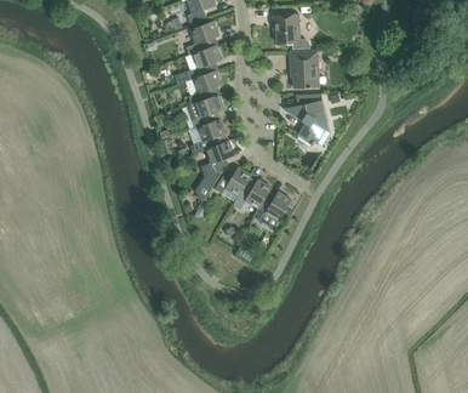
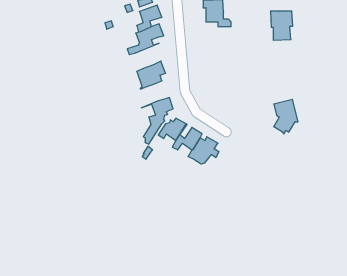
building: [290,51,319,89] -> [270,11,293,40]
building: [186,70,222,107] -> none
building: [298,101,330,146] -> [274,99,298,134]
building: [190,118,227,154] -> none

